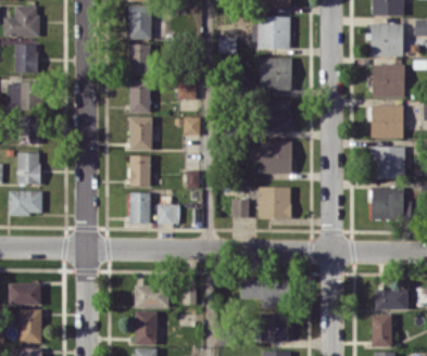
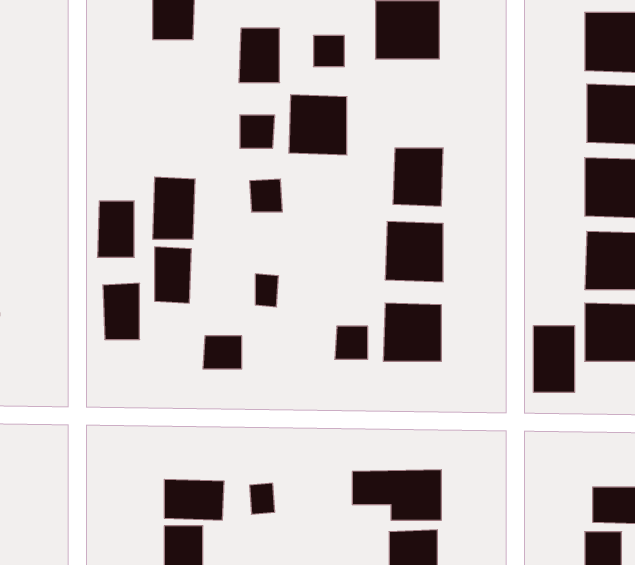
building: [128,44,151,75] -> [239,28,280,83]
building: [259,58,291,91] -> [289,95,347,155]
building: [128,81,149,113] -> [97,201,134,257]
building: [129,192,150,224] -> [103,283,140,339]
building: none -> [534,326,575,392]

